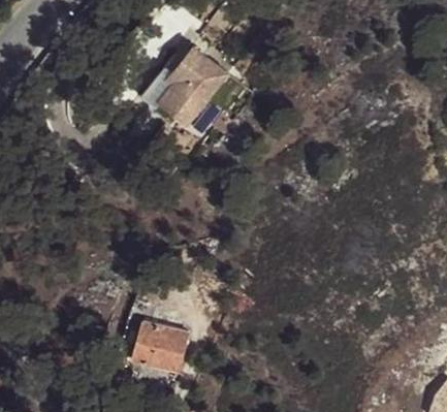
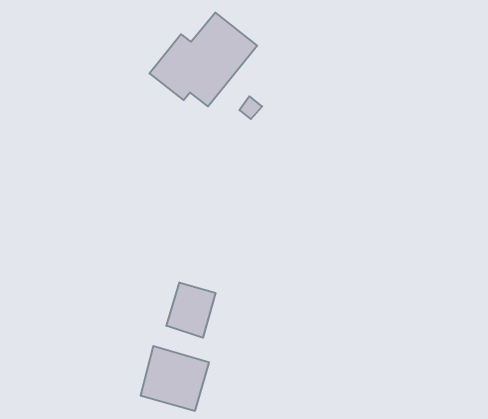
building: none -> [166,282,216,338]

